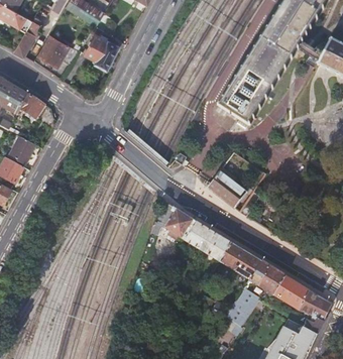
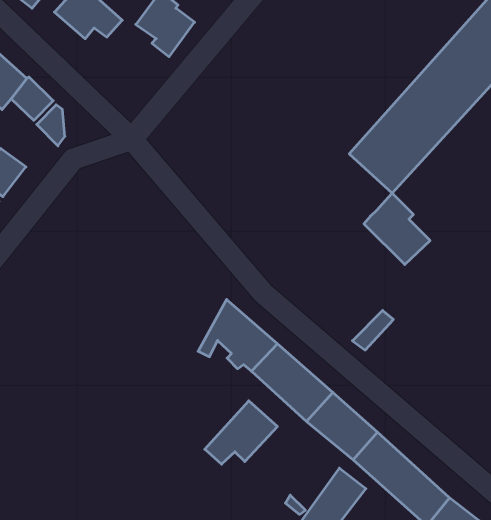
building: [206,166,245,206] -> [364,193,430,265]
building: none -> [205,401,277,464]

